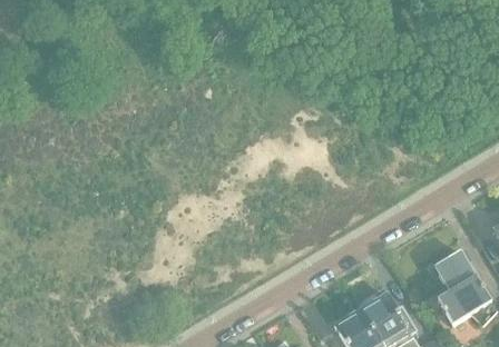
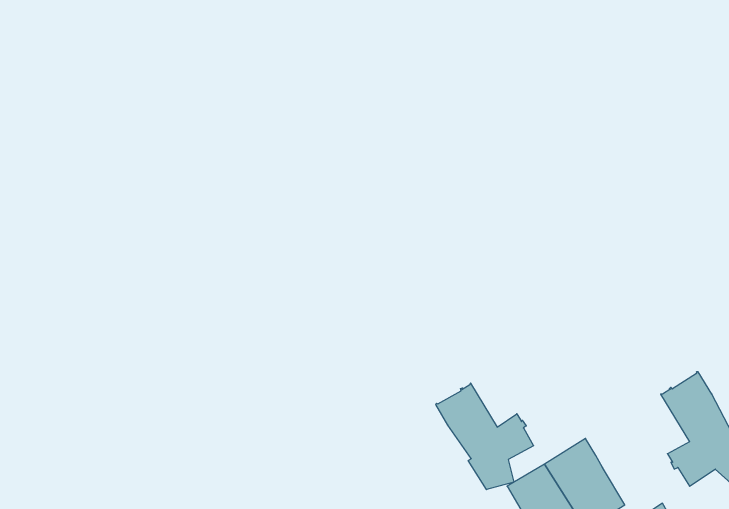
building: none -> [436,383,534,490]

